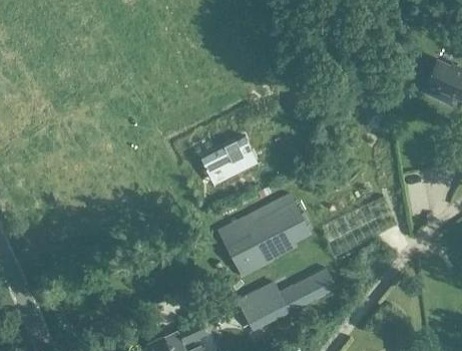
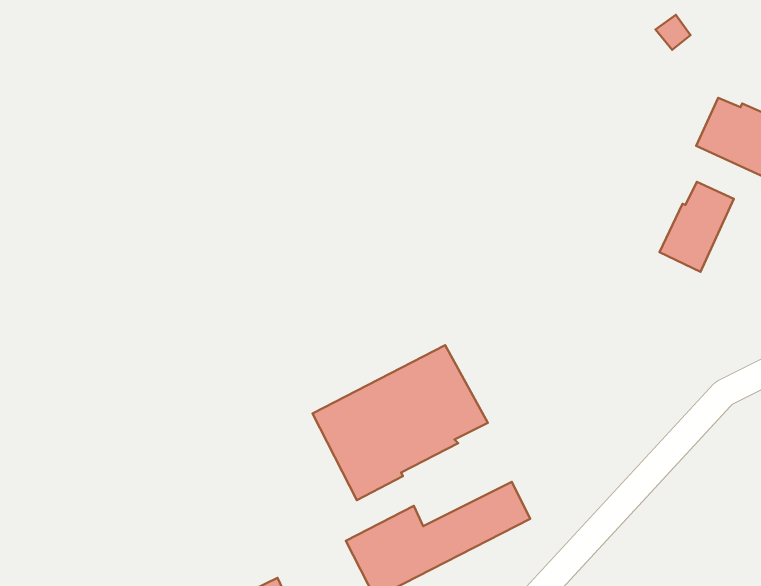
building: none -> [659,182,734,272]
building: [202,136,254,174] -> none

